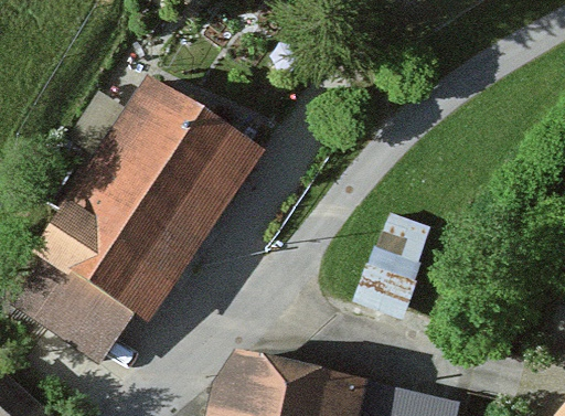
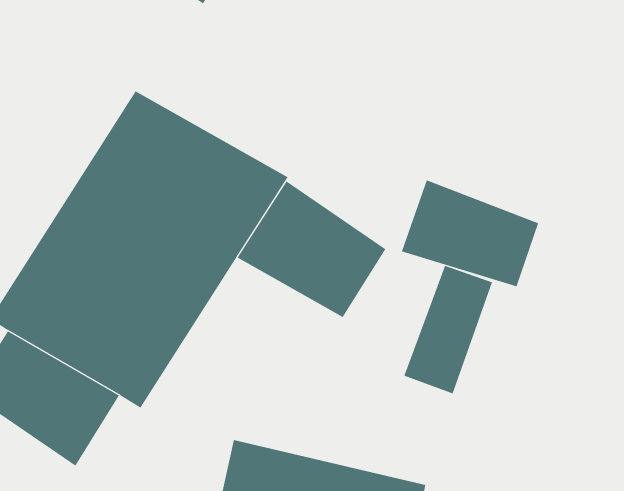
building: none -> [401,179,539,287]
building: none -> [237,180,386,318]

